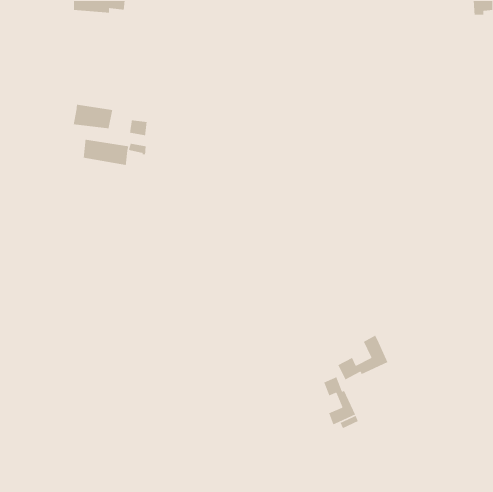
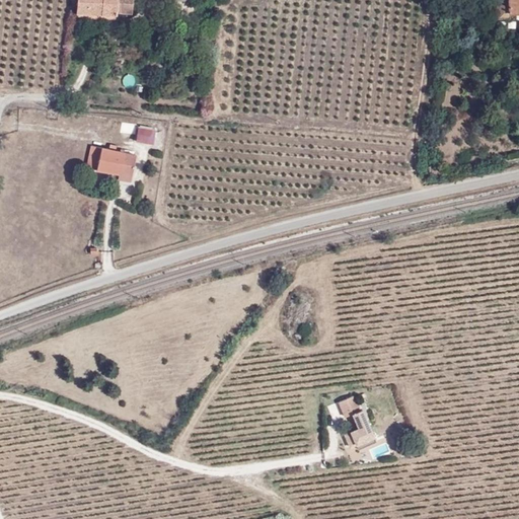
building: [73,104,113,129] -> none
building: [337,335,389,381] -> none

